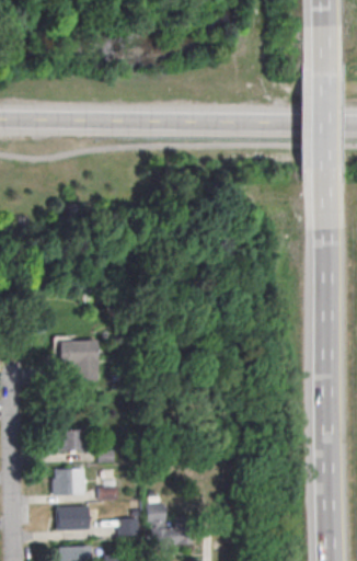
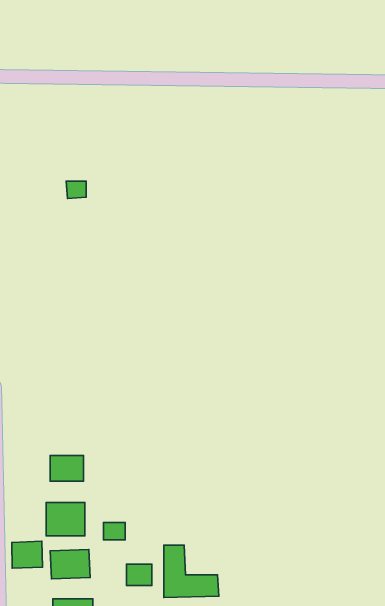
building: [55,341,96,380] -> none
building: none -> [12,541,43,568]

